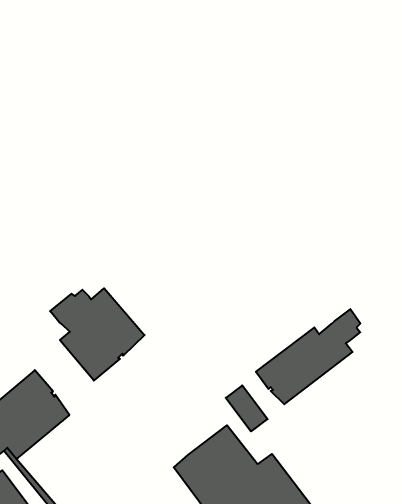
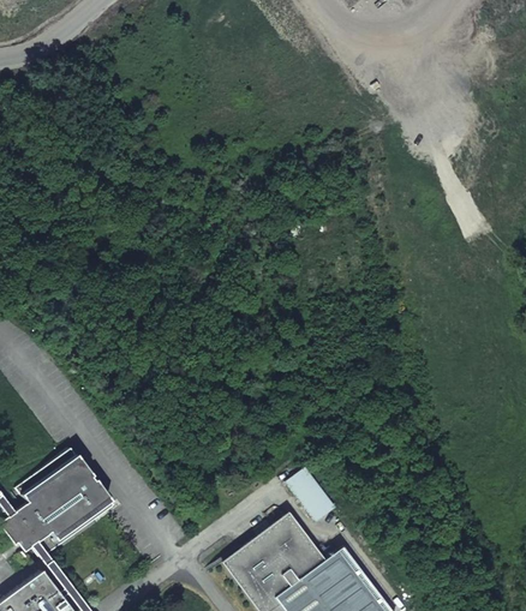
building: [50,288,145,381] -> none
building: [256,309,360,404] -> none

